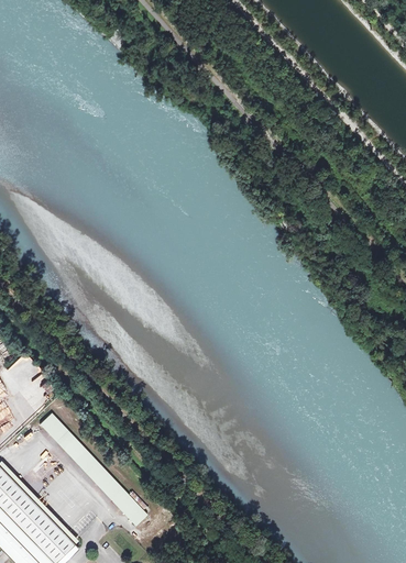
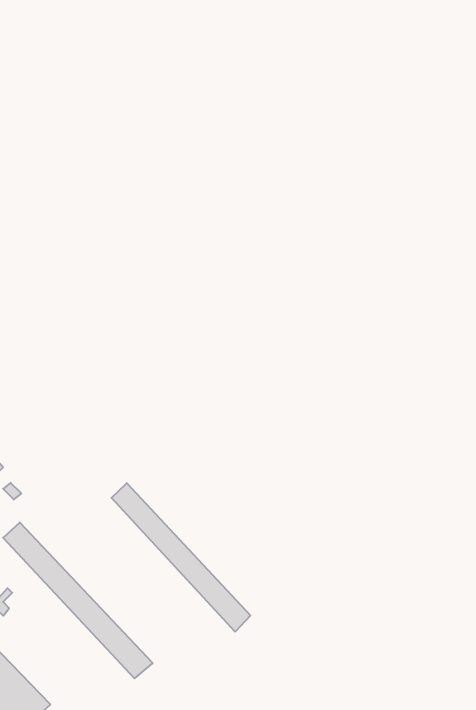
building: none -> [111,483,250,632]

